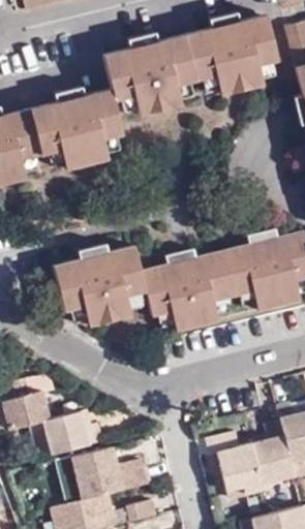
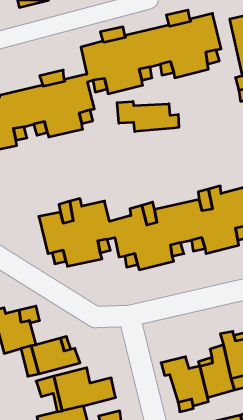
building: none -> [117,101,179,132]

